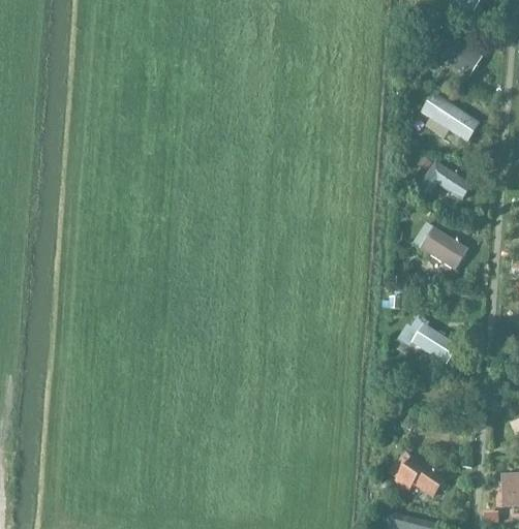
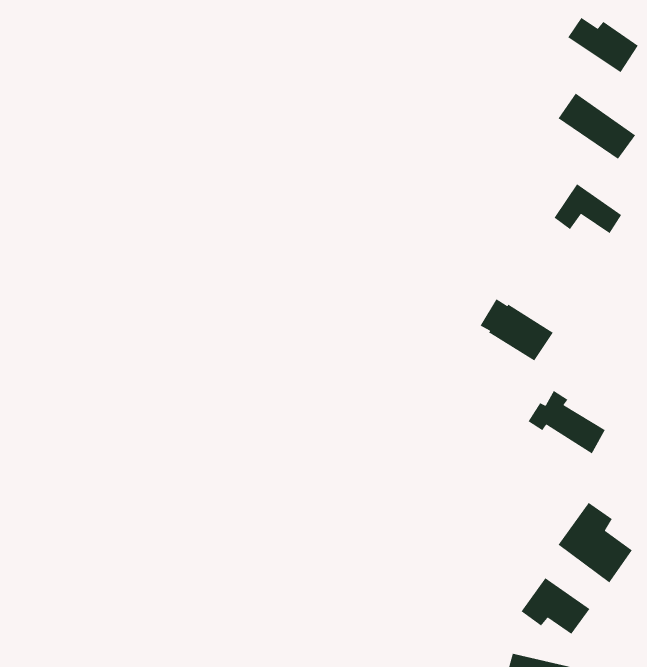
building: [414,221,469,269] -> [480,298,554,362]
building: none -> [558,502,633,583]

